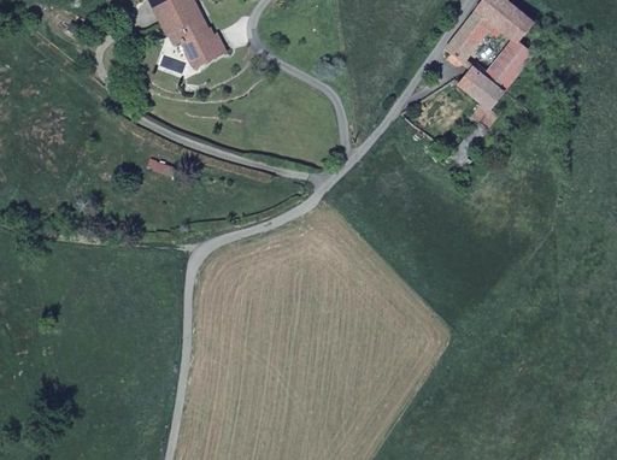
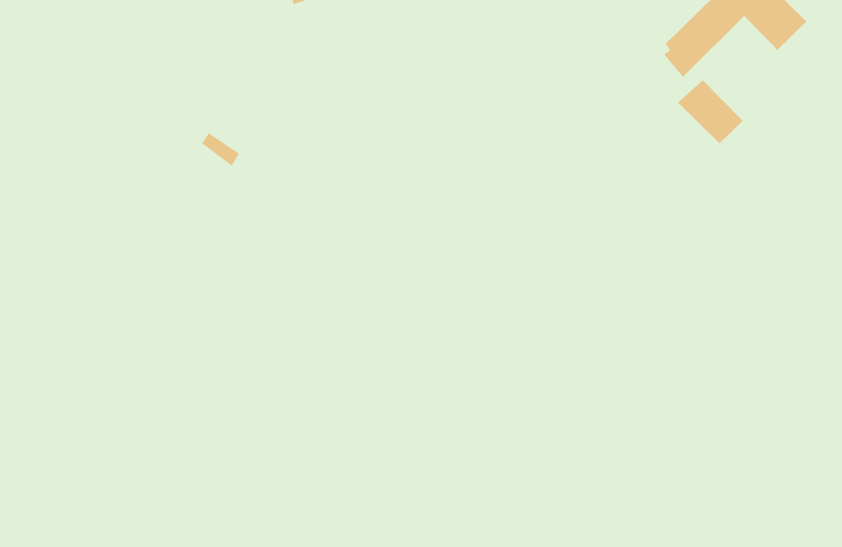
building: [484,40,531,93] -> none

